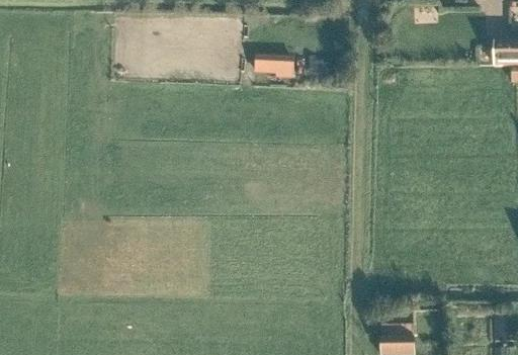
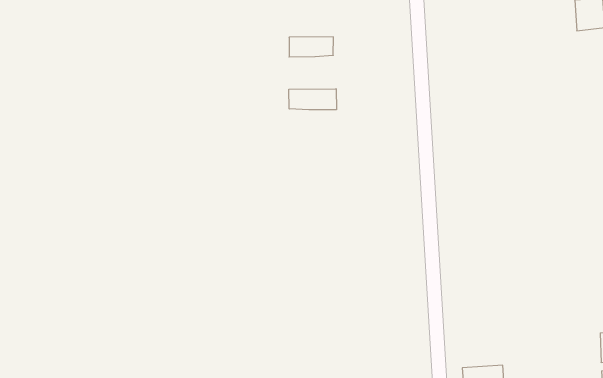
building: none -> [289,89,336,110]

